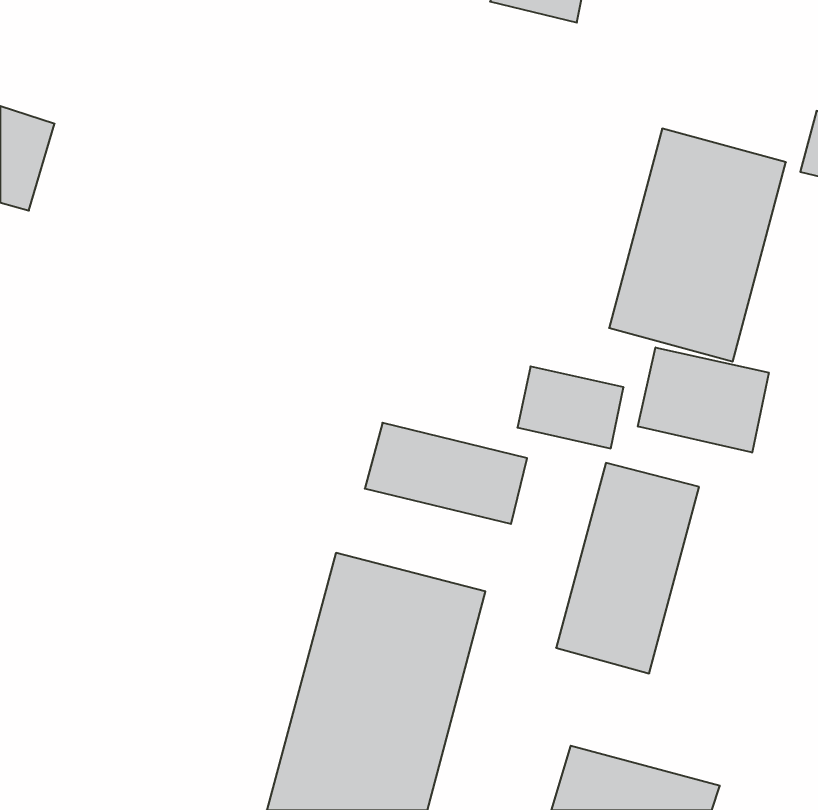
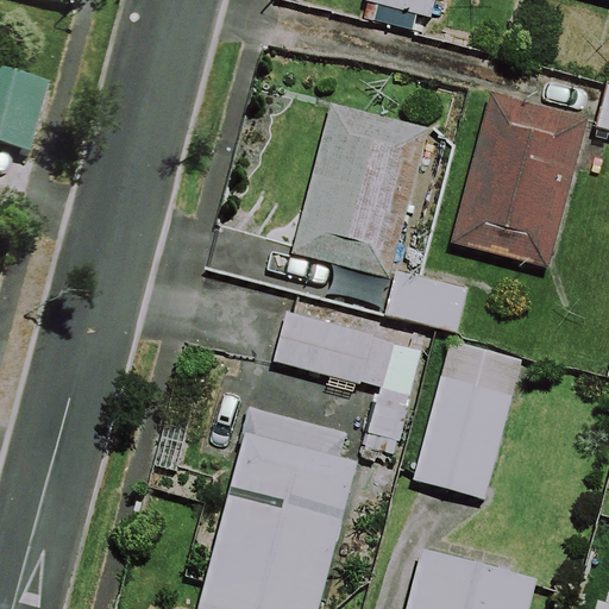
building: none -> [294,106,425,276]
building: [638,347,769,453] -> none

